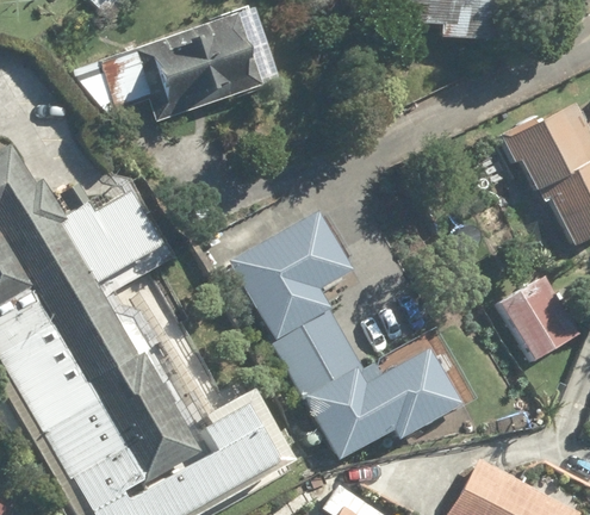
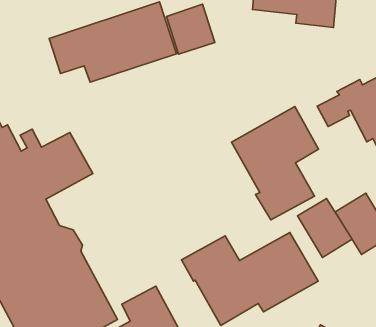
building: none -> [167,4,215,54]
building: [230,209,352,367] -> [232,106,319,220]
building: none -> [297,198,352,257]

